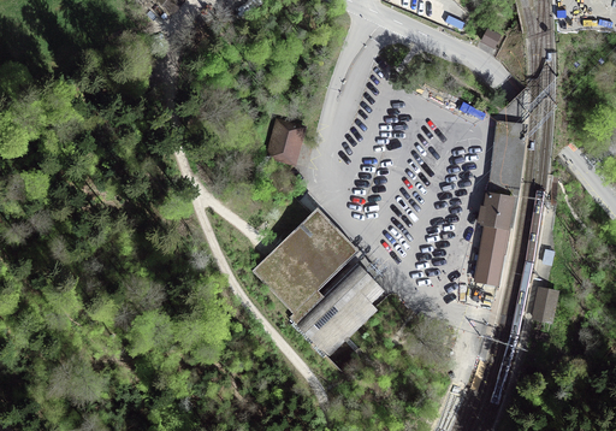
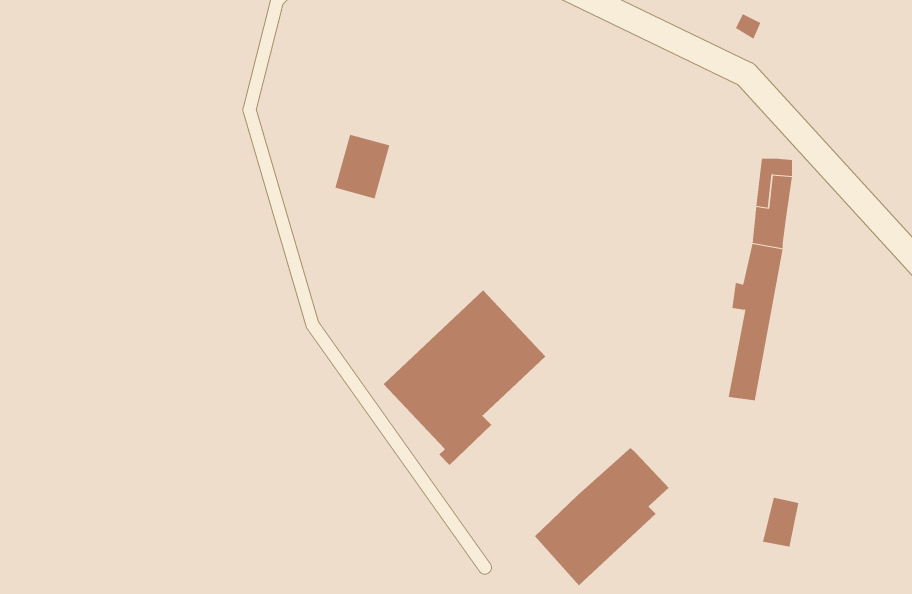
building: [268,119,304,161] -> [335,134,390,199]
building: [297,266,385,356] -> [534,447,670,586]
building: [533,288,557,320] -> [762,497,799,547]

